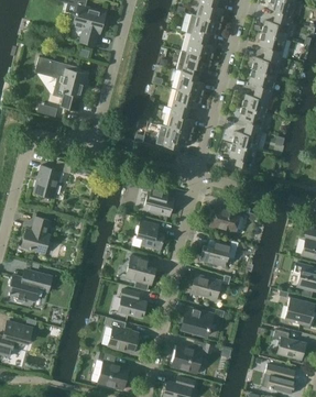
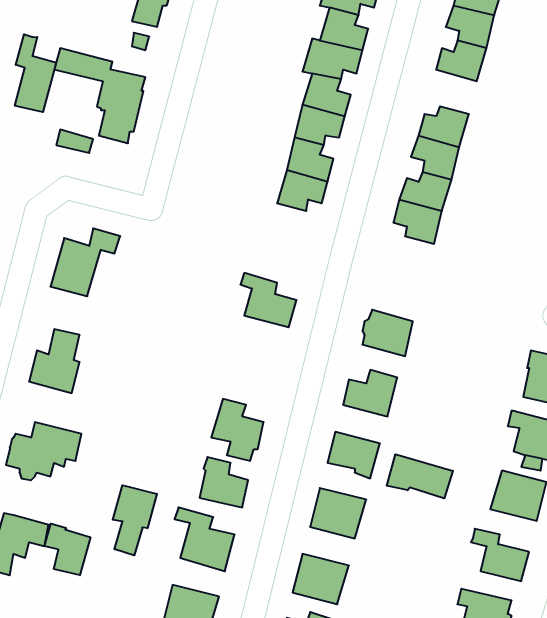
building: none -> [15,34,56,112]
building: [248,69,275,95] -> none
building: [135,221,164,250] -> none
building: none -> [387,454,453,498]
building: none -> [113,485,157,555]
building: none -> [45,524,90,575]

